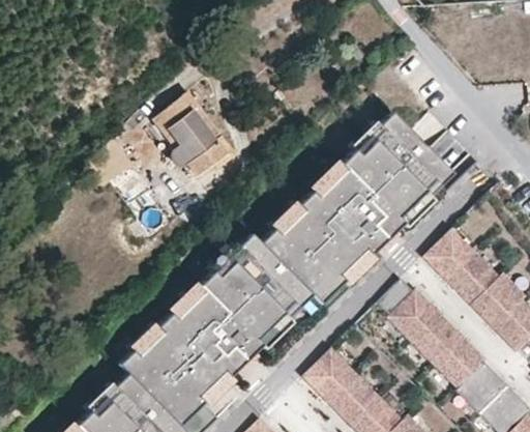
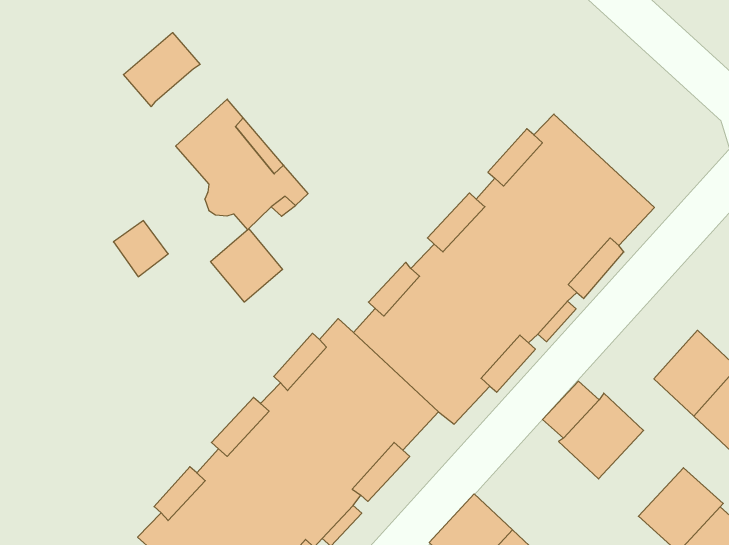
building: none -> [123,33,200,107]
building: none -> [211,229,283,302]
building: [425,230,478,283] -> none
building: [411,315,465,369] -> none

